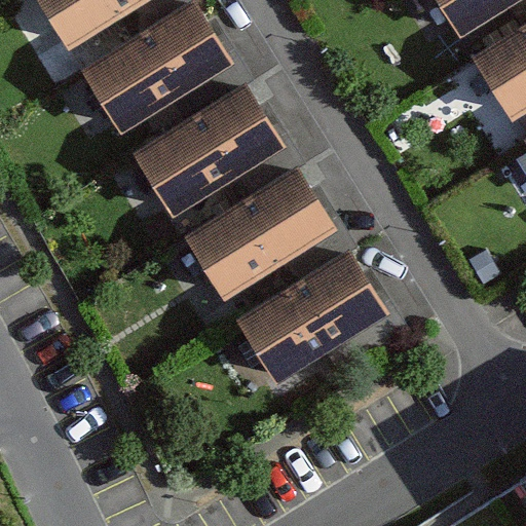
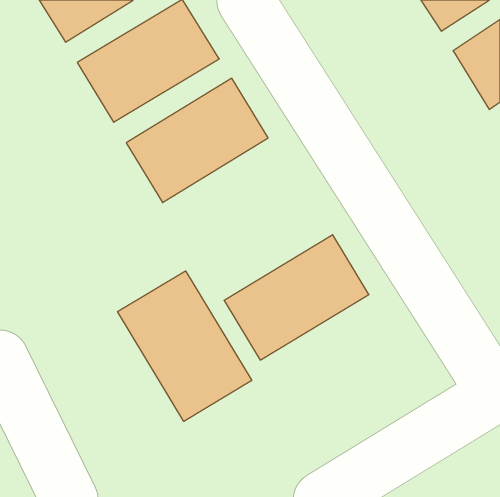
building: [182,165,336,298] -> none
building: none -> [118,271,252,421]

